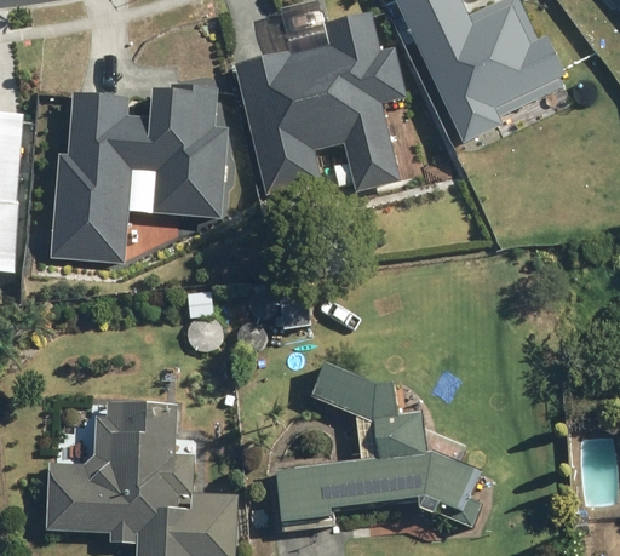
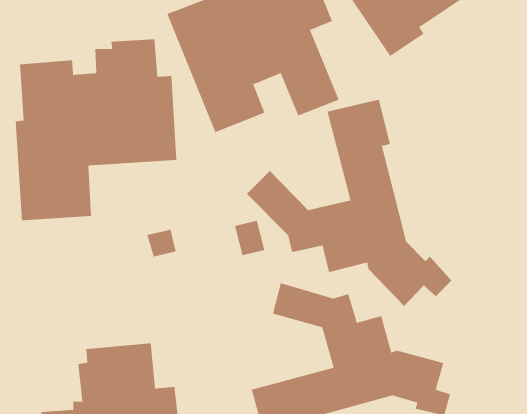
building: none -> [246,99,452,307]

